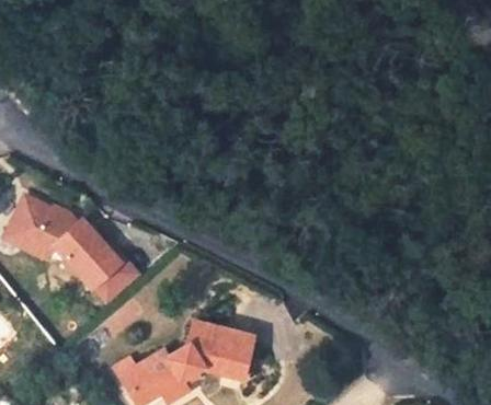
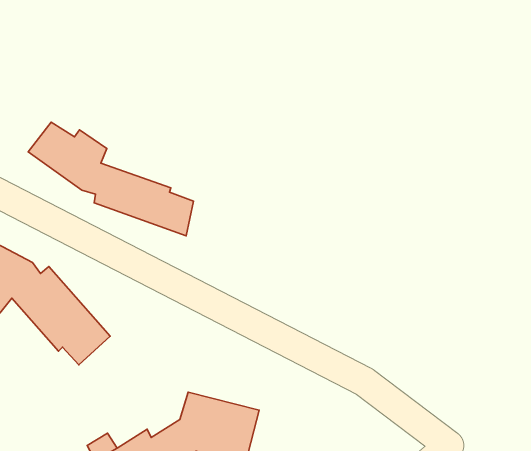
building: none -> [28,122,193,236]

